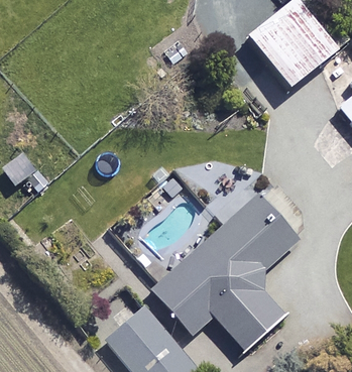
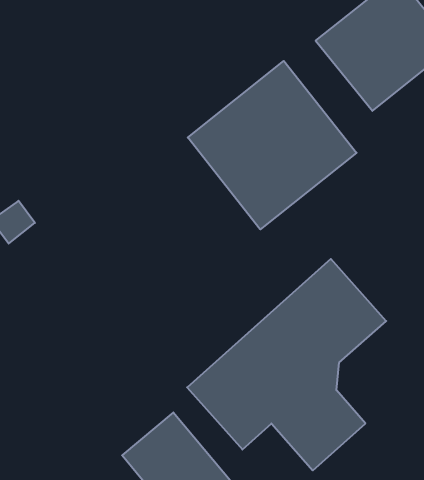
building: none -> [188,61,357,229]

